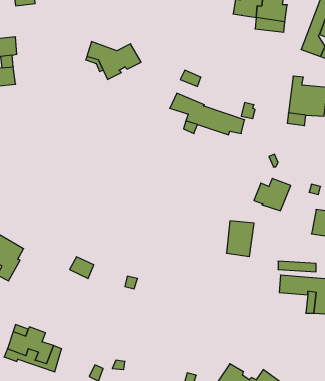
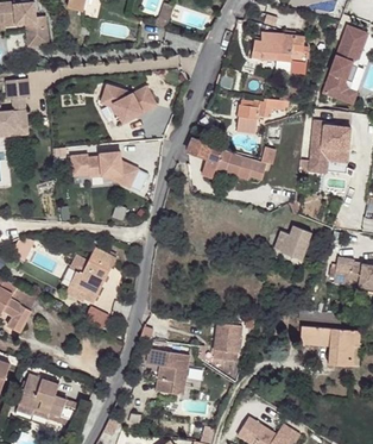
building: none -> [235,98,287,133]
building: none -> [71,152,139,187]
building: none -> [65,245,115,300]
building: [226,221,254,257] -> [213,323,241,359]
building: none -> [146,348,189,394]

